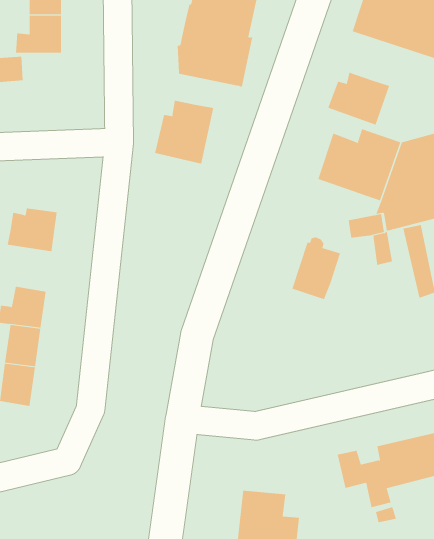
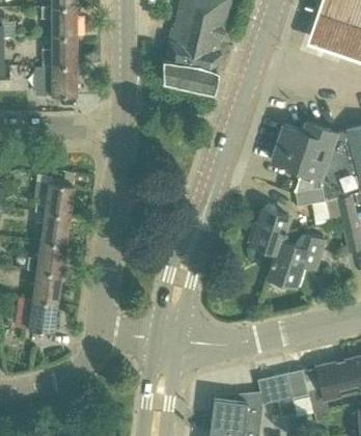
building: none -> [52,65,77,96]
building: [328,72,390,126] -> none
building: [154,100,214,165] -> none
building: none -> [34,211,70,246]
building: none -> [269,236,323,285]
building: none -> [256,370,295,415]

